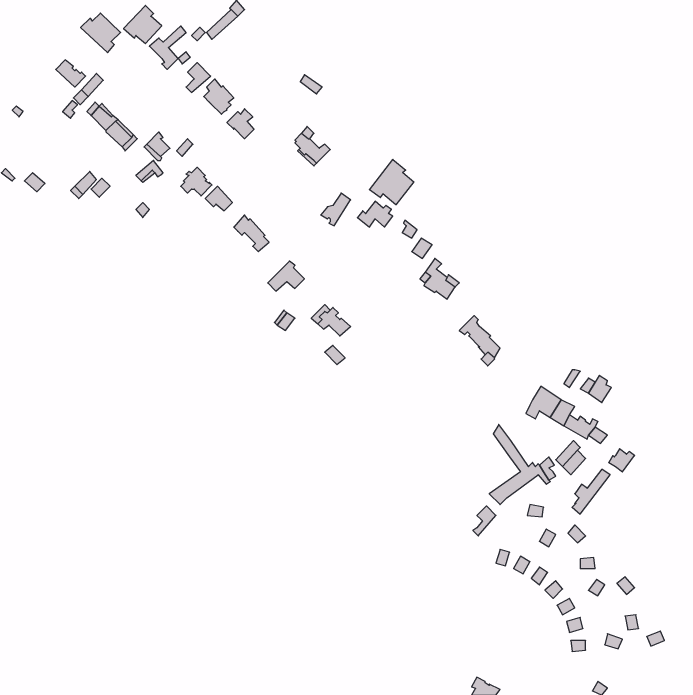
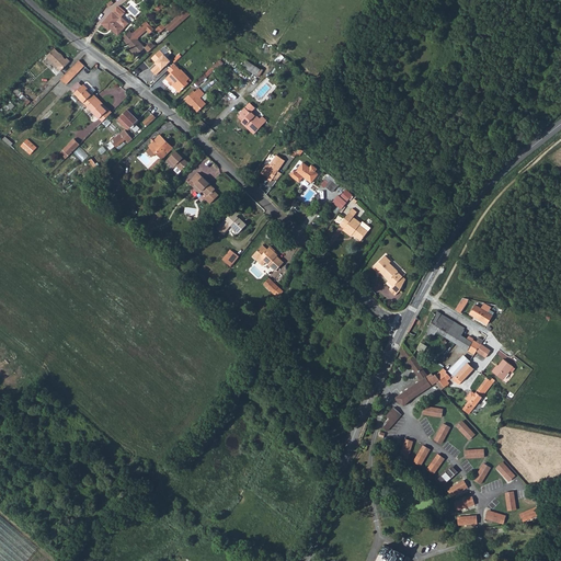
building: [81,13,121,53] -> none
building: [369,159,414,205] -> none

